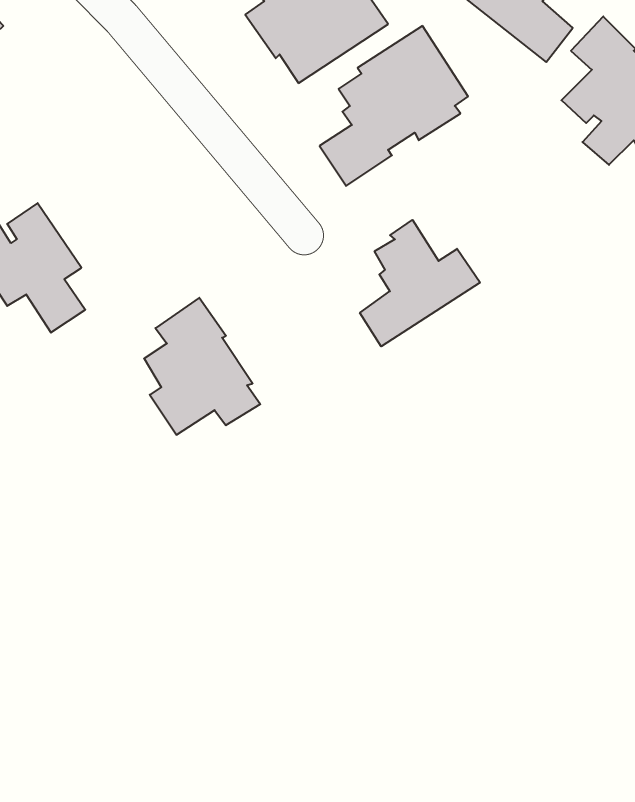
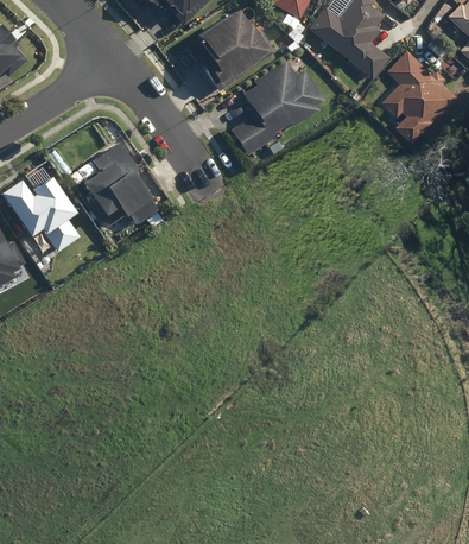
building: [360,220,480,346] -> none
building: [144,298,260,435] -> [88,140,160,226]

